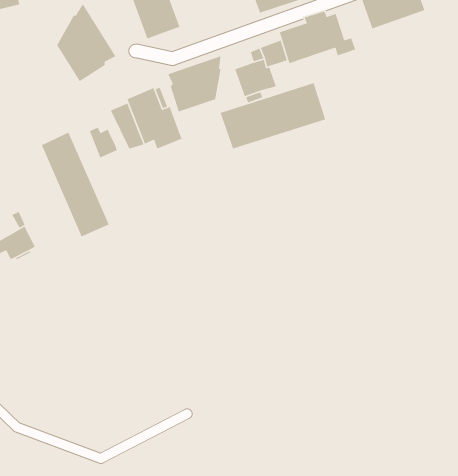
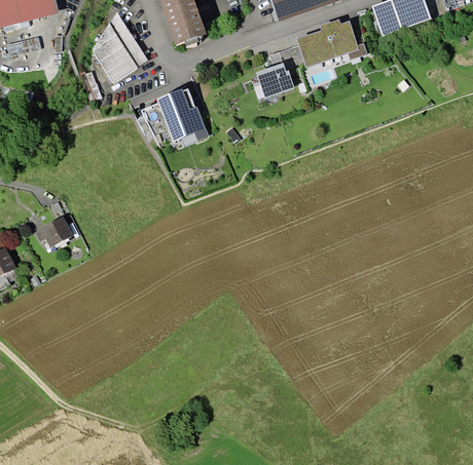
building: [167,55,222,112] -> none
building: [220,82,326,149] -> none
building: [89,127,118,159] -> none
building: [41,131,110,237] -> none

